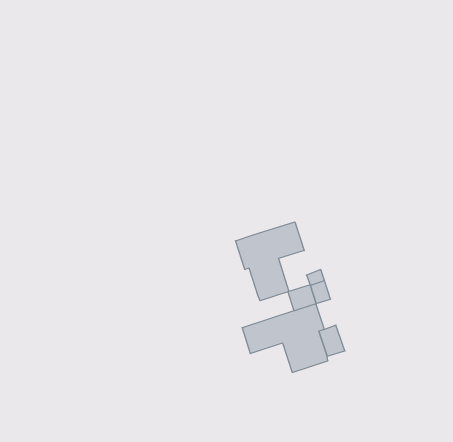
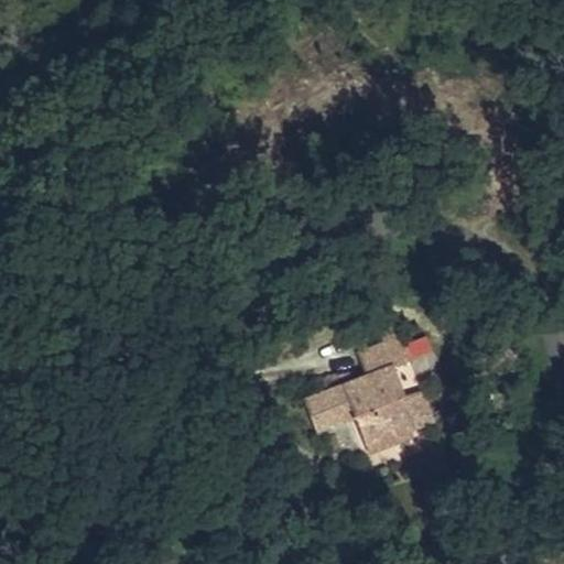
building: [235,222,304,301] -> none

